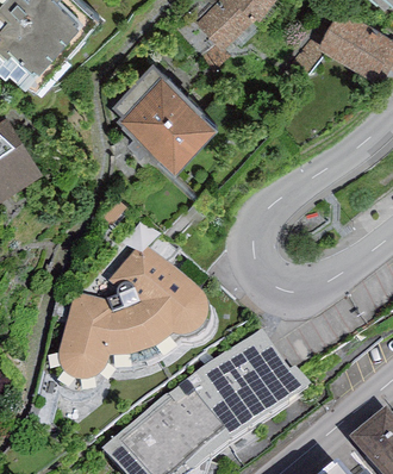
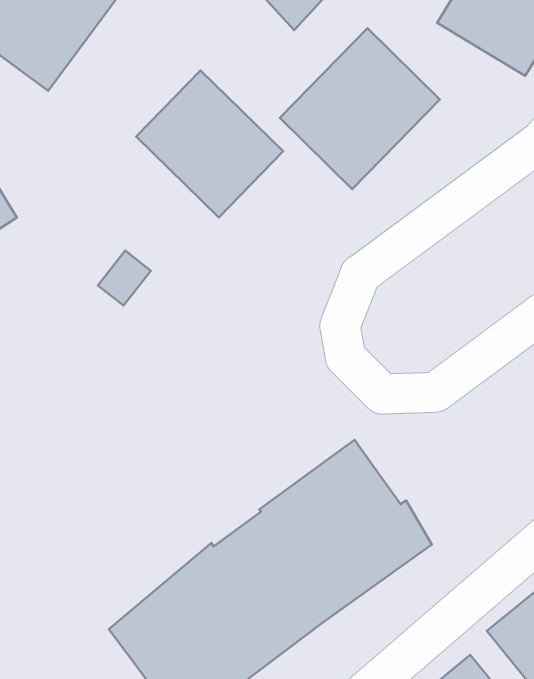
building: none -> [280,28,440,189]
building: [57,245,208,388] -> none

